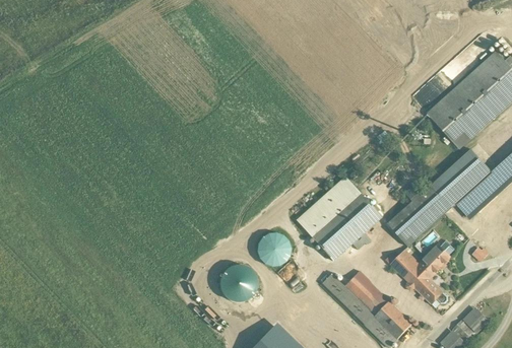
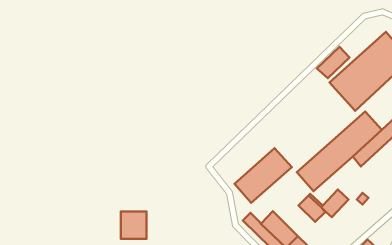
building: [296,177,360,237] -> none
building: [256,232,289,264] -> none
building: [225,266,256,299] -> [121,212,147,239]
building: [407,272,447,304] -> none

